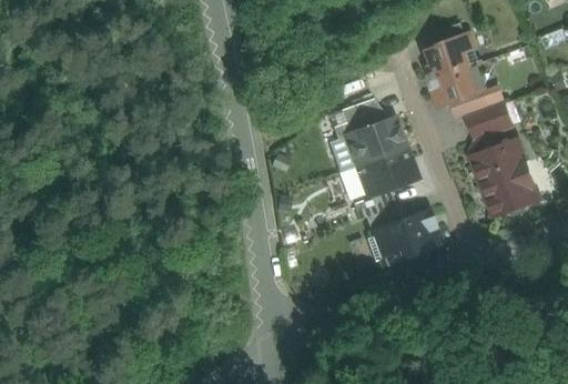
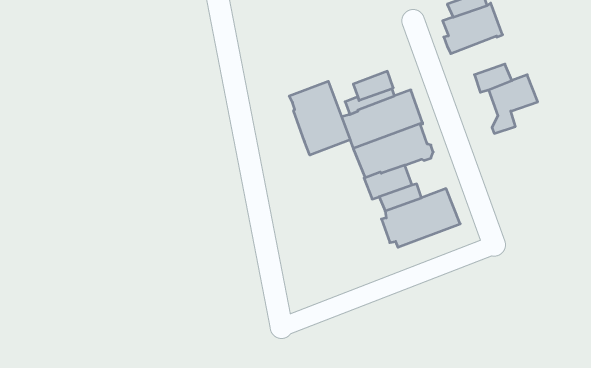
building: [433,65,485,105] -> none
building: none -> [289,81,350,155]
building: [474,141,536,218] -> none

